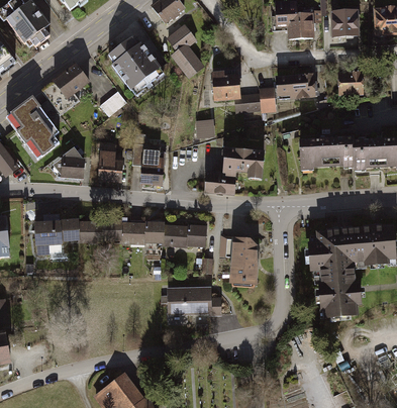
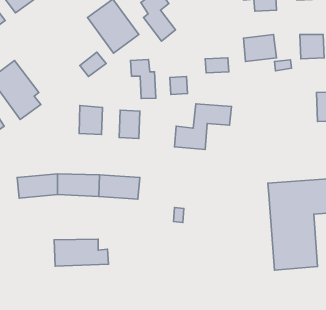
building: [43,65,92,114] -> none
building: [212,67,240,96] -> none
building: [261,85,277,111] -> none
building: none -> [130,60,156,98]
building: [300,132,357,166] -> none
building: [60,144,86,175] -> none
building: [163,224,206,250] -> none
building: [225,238,261,285] -> none
building: [164,286,222,315] -> [54,239,108,266]

